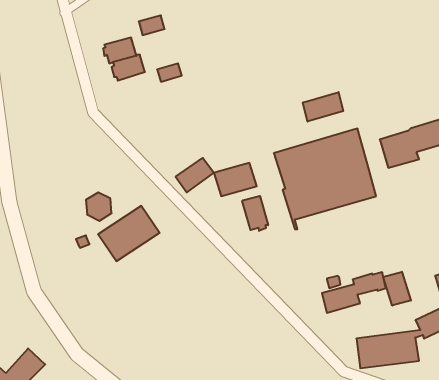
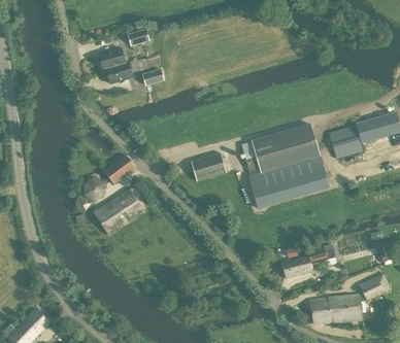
building: [303,92,343,122] -> none
building: [176,158,214,192] -> [103,153,135,182]
building: [242,196,268,231] -> none
building: [383,272,411,306] -> none

